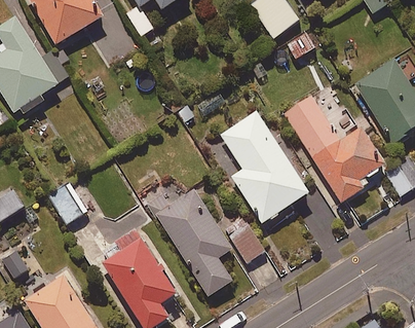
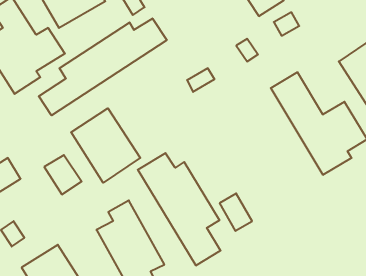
building: none -> [39,18,167,115]
building: [220,111,308,223] -> none
building: none -> [71,108,140,183]

